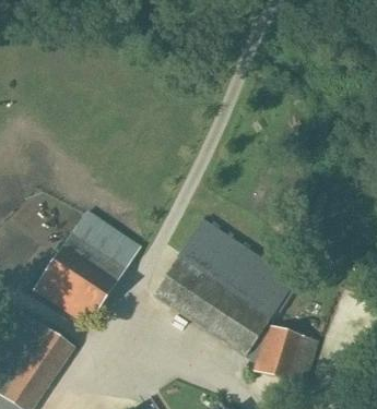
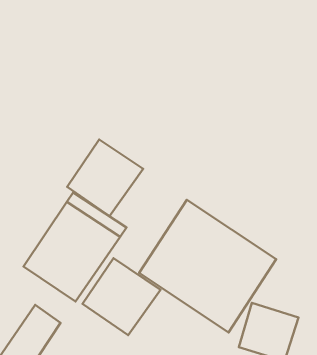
building: none -> [67,139,143,216]
building: none -> [83,258,160,335]

